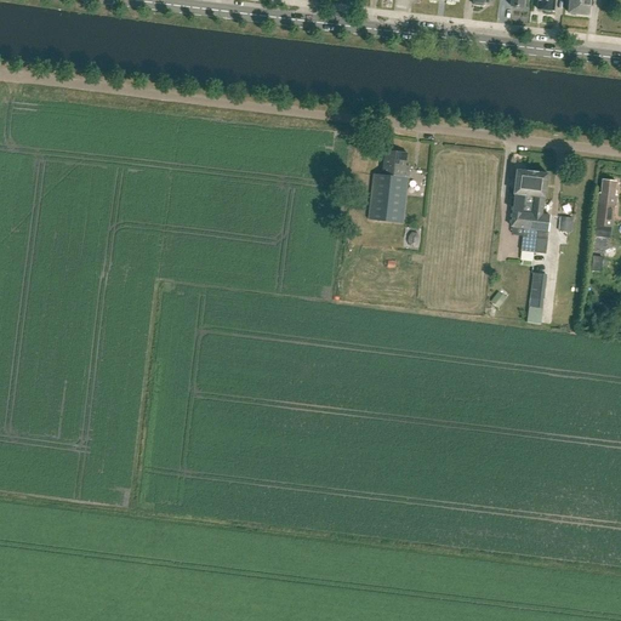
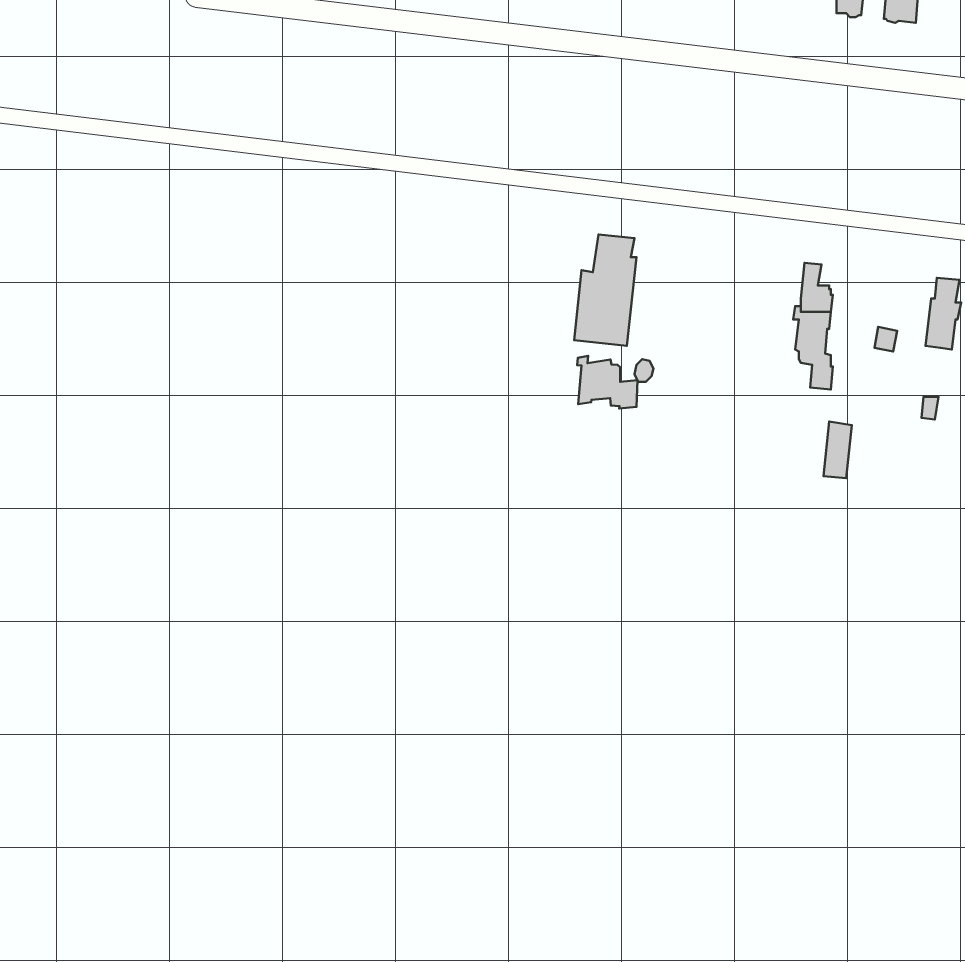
building: [525,170,549,237] -> none
building: none -> [577,356,638,408]

